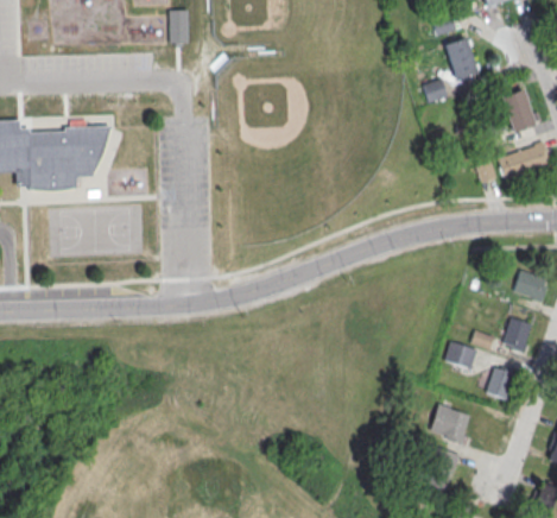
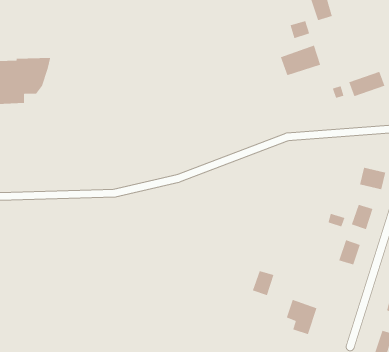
building: [504,88,536,131] -> none
building: none -> [280,44,321,76]
building: [444,341,477,368] -> none
building: [441,409,470,443] -> [252,270,275,296]

